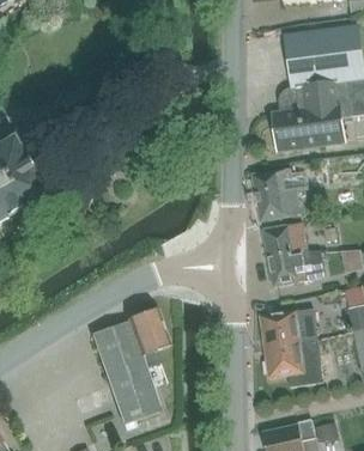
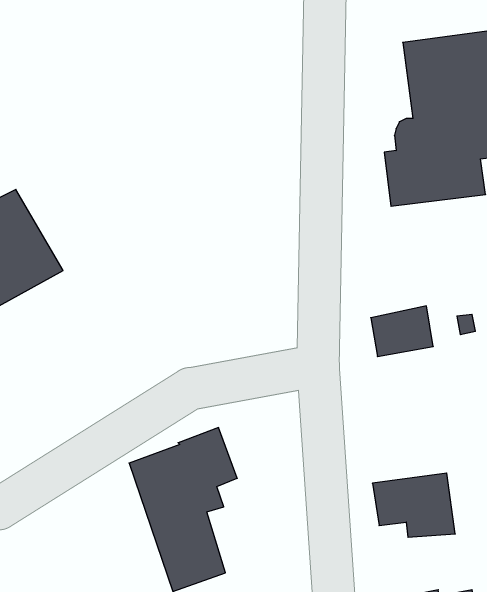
building: [253,167,304,225] -> none
building: [268,248,324,286] -> none
building: [260,309,317,347] -> none

